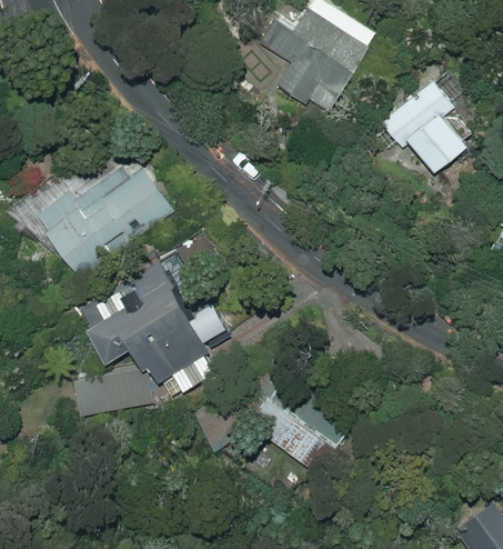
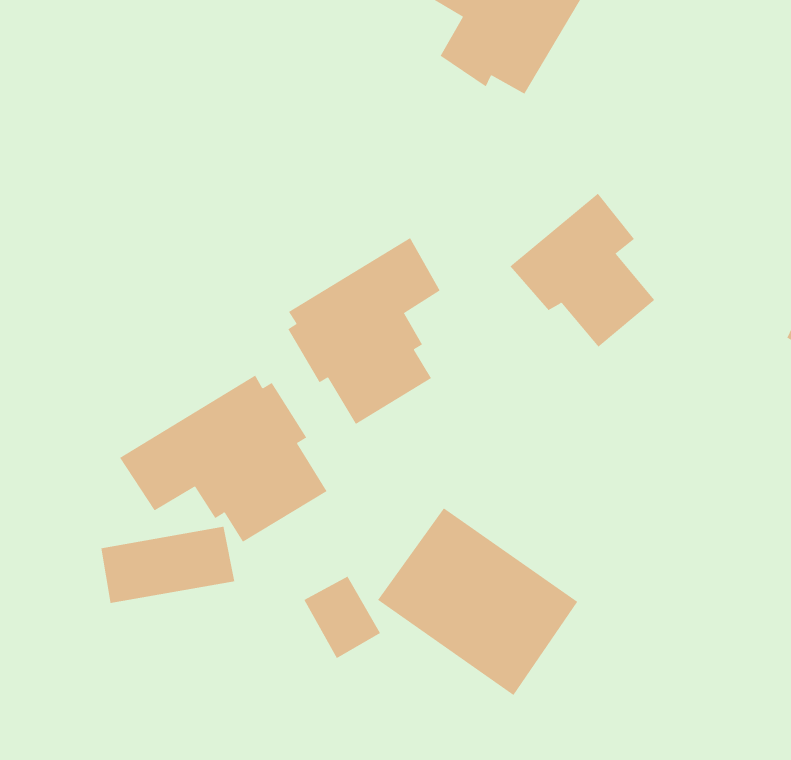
building: [380,79,467,172] -> [509,193,655,348]
building: [32,166,171,278] -> none
building: none -> [288,237,441,425]

